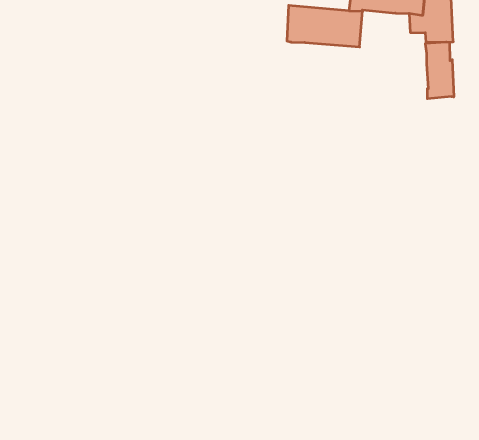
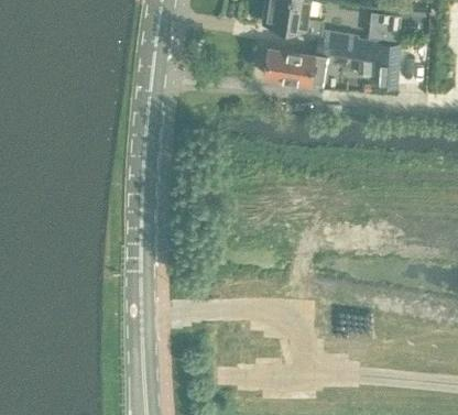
building: [425,42,454,99] -> none

